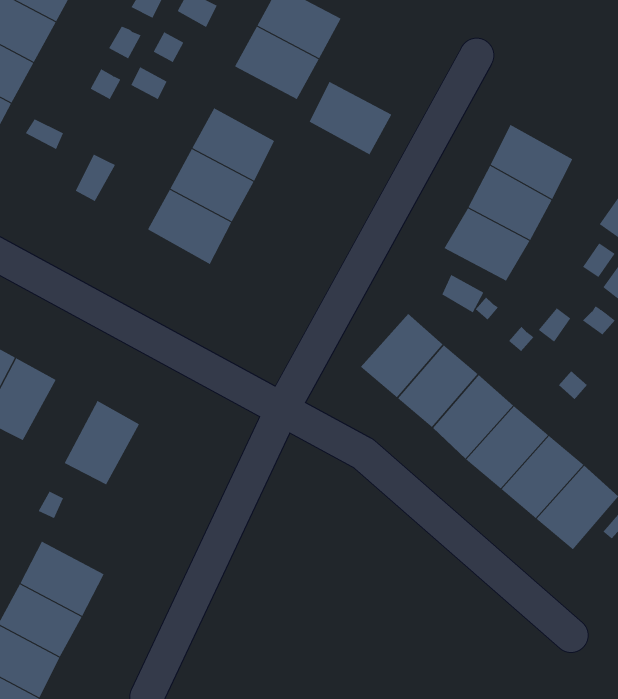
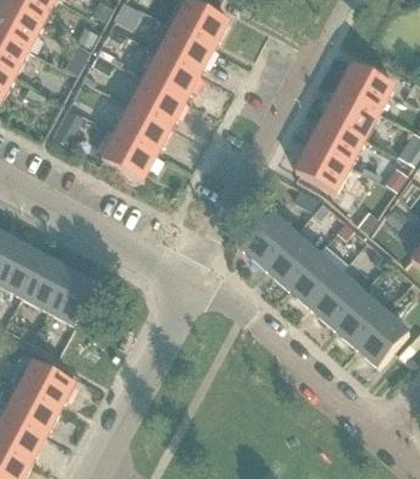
building: [309,81,392,155] -> [144,52,199,100]
building: none -> [337,63,394,112]
building: none -> [20,255,69,309]

